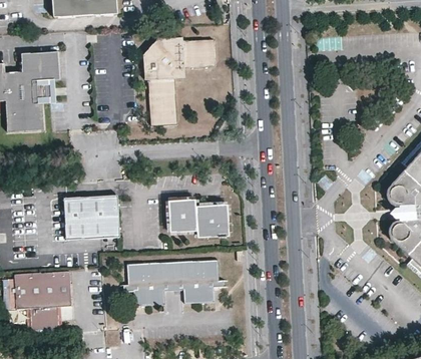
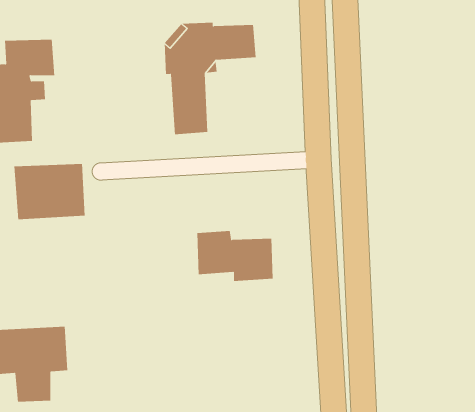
building: [64,195,119,238] -> [13,164,85,220]
building: [123,260,224,306] -> none

